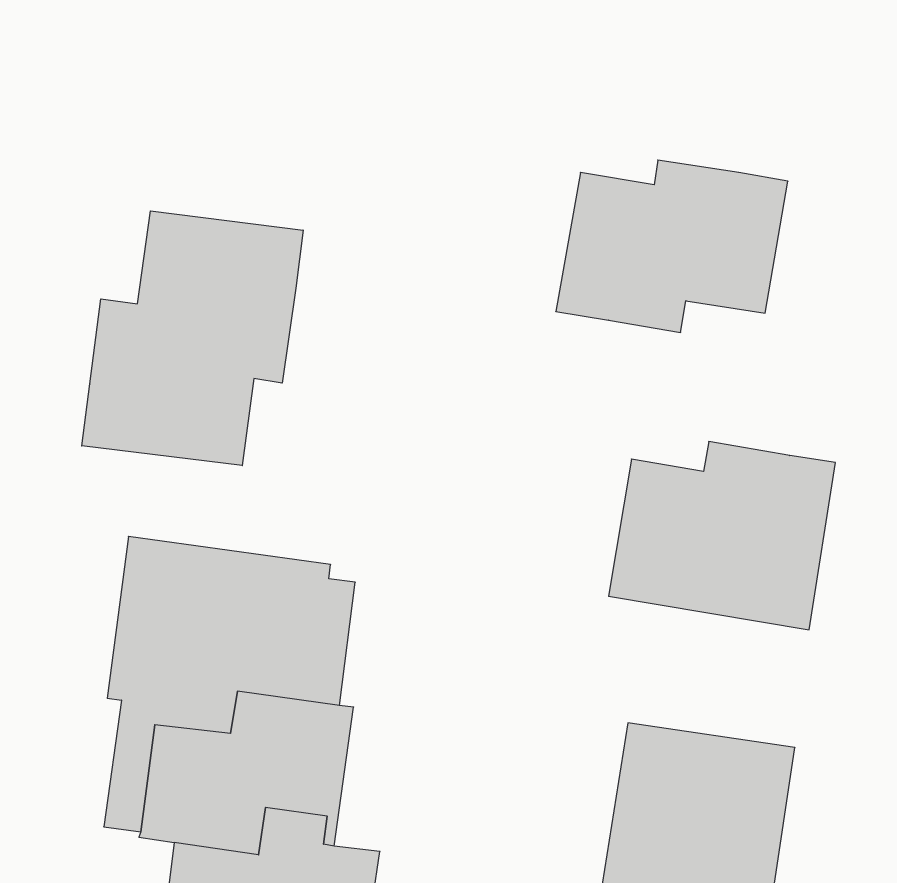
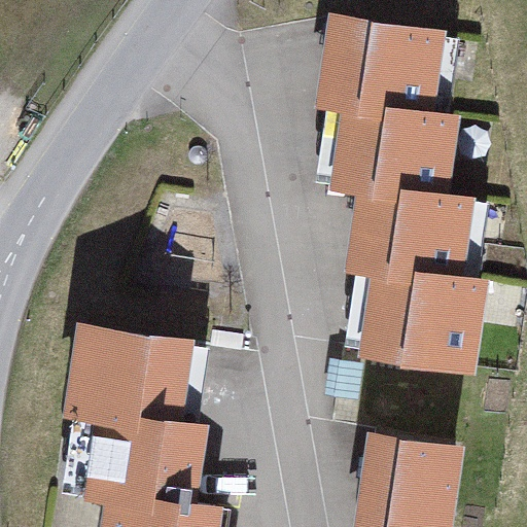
building: none -> [315,13,445,117]
building: [82,211,303,466] -> none
building: none -> [343,185,476,285]

